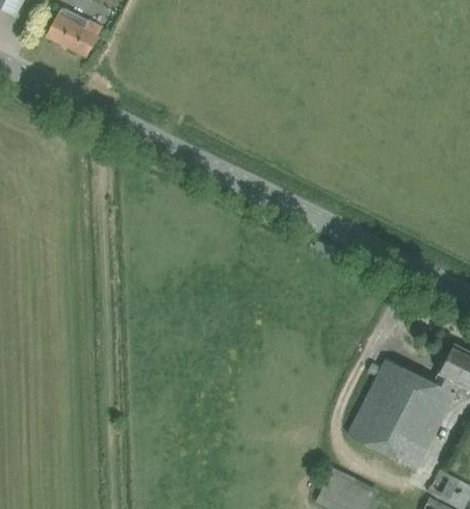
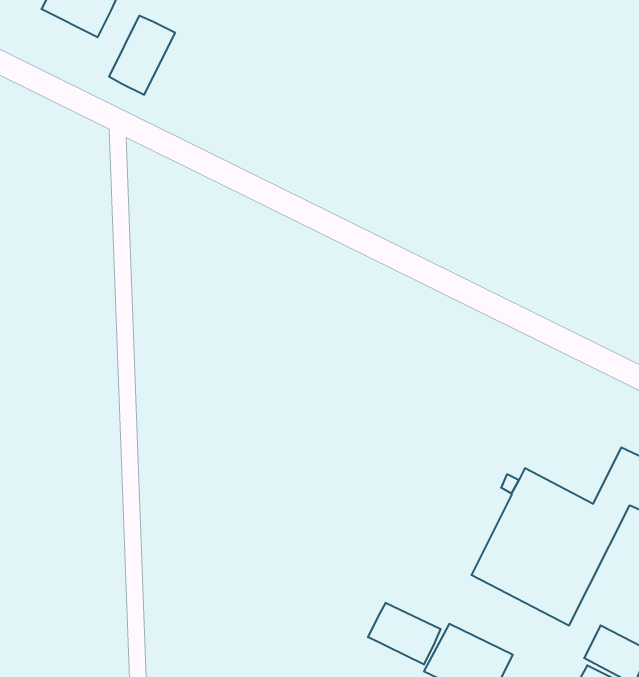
building: none -> [109,16,175,95]
building: none -> [368,603,441,665]

